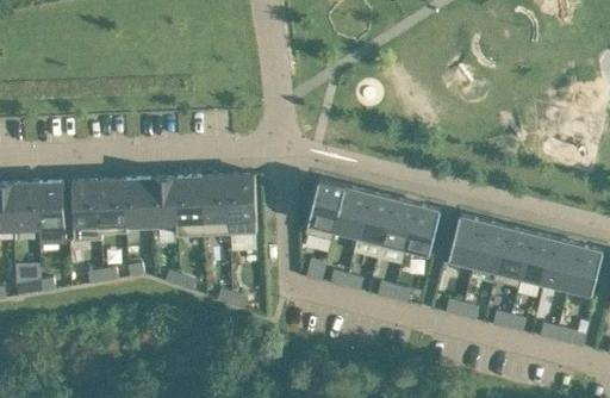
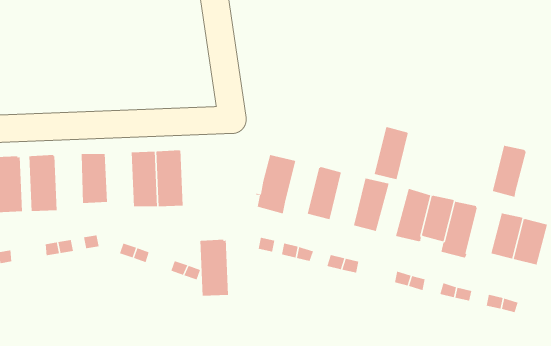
building: [228,174,257,232] -> [200,239,229,296]
building: [150,178,179,234] -> none
building: [99,179,126,237] -> none
building: [335,186,368,235] -> none
building: [380,198,416,253] -> [374,126,409,180]
building: [519,234,555,287] -> [492,145,527,197]

